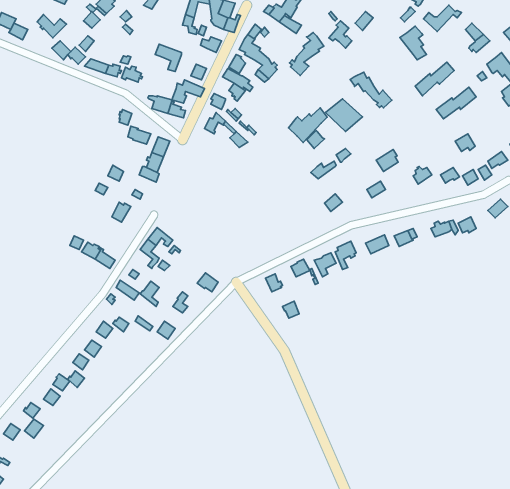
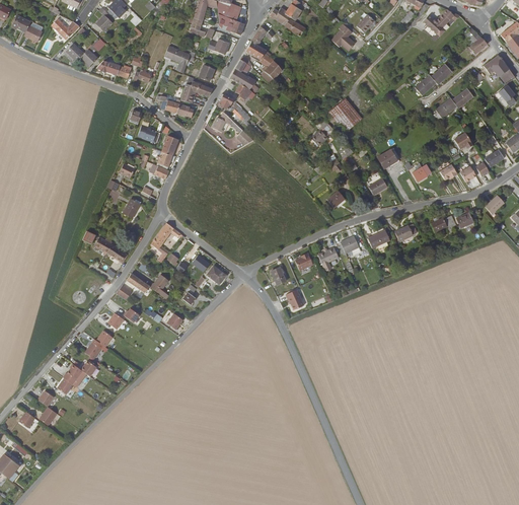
building: [400,26,426,60] -> none
building: [290,32,324,76] -> none
building: [350,72,392,108] -> none
building: [288,108,327,142] -> none

